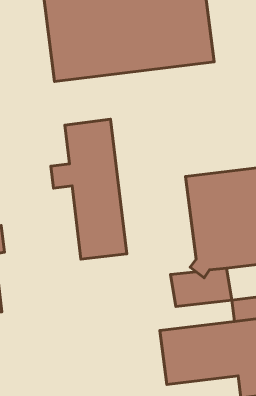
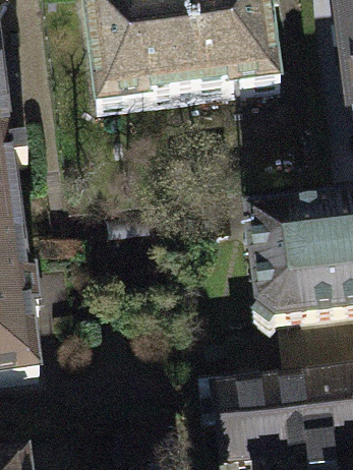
building: [51,119,127,259] -> none

